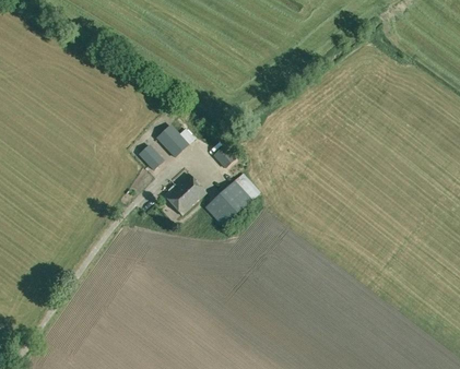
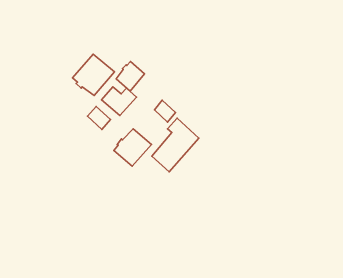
building: none -> [73,54,115,95]
building: none -> [116,62,145,91]

